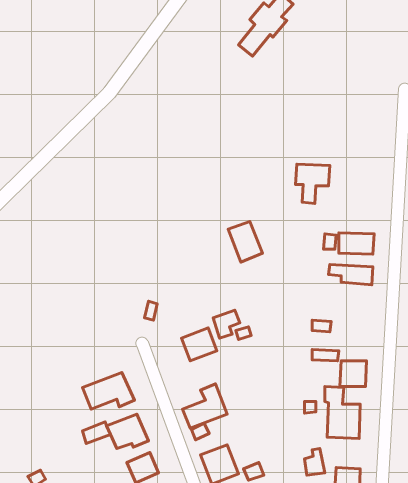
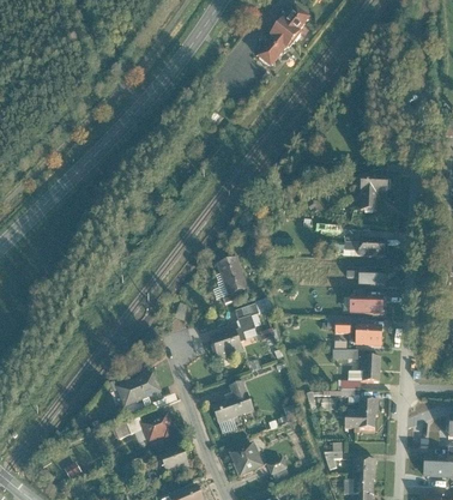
building: [296,164,330,203] -> [363,176,395,213]
building: [228,222,263,262] -> [216,257,248,295]
building: none -> [352,299,388,317]
building: none -> [355,329,387,348]

